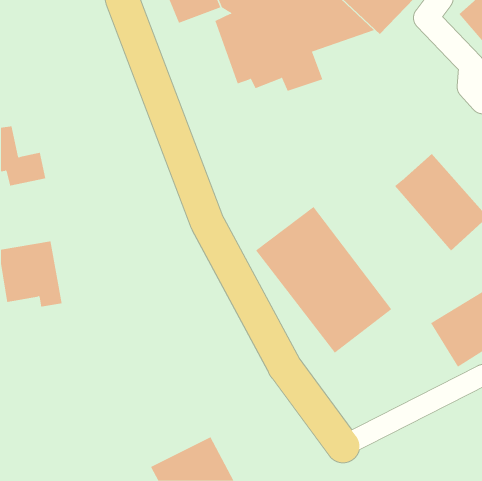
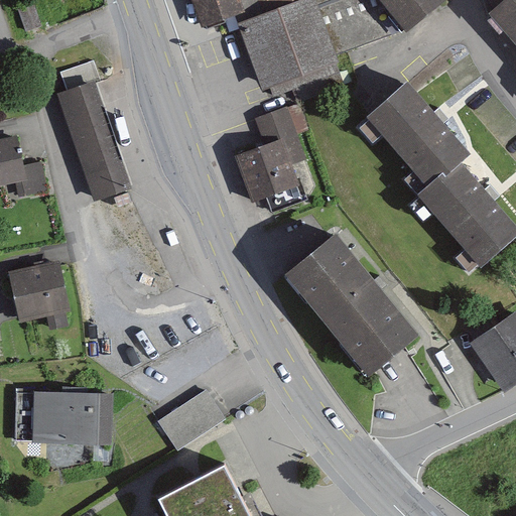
building: none -> [52,78,134,196]
building: none -> [368,83,472,190]
building: none -> [229,103,314,205]
building: none -> [160,389,228,448]
building: none -> [21,391,109,468]

